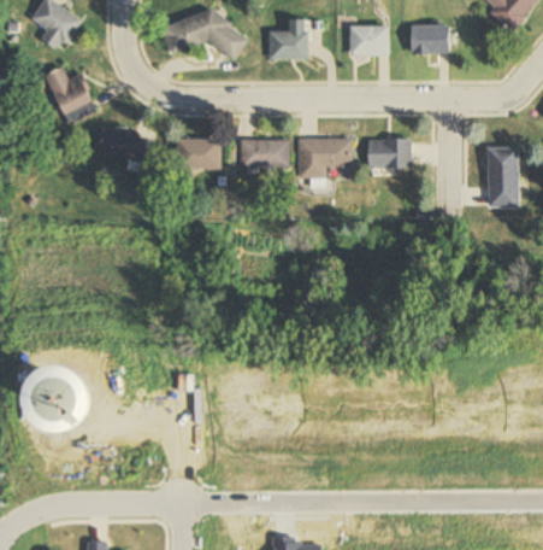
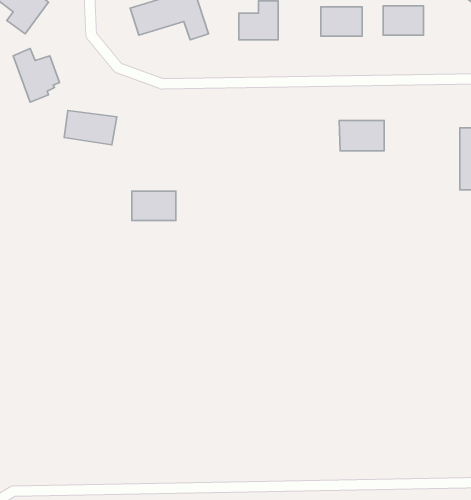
building: [297,138,352,176] -> none
building: [177,139,220,168] -> [132,191,176,221]
building: [238,139,289,166] -> none

